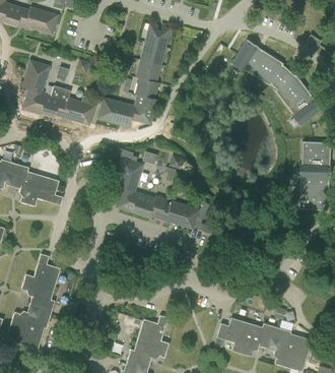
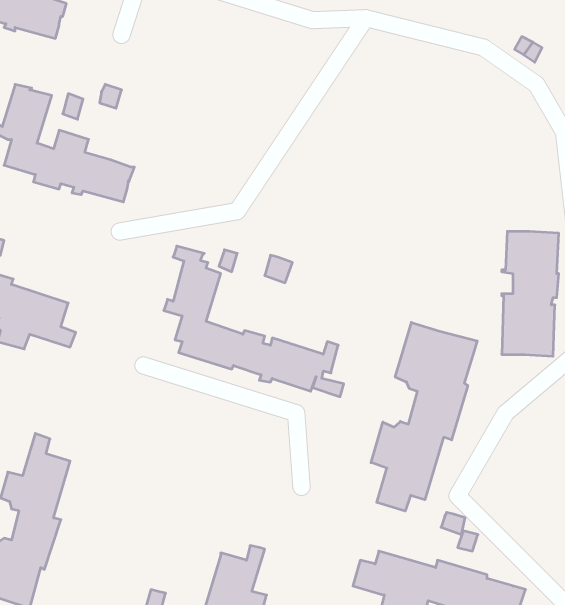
building: [96,23,170,130] -> none
building: [230,40,322,126] -> none
building: none -> [371,322,477,511]

